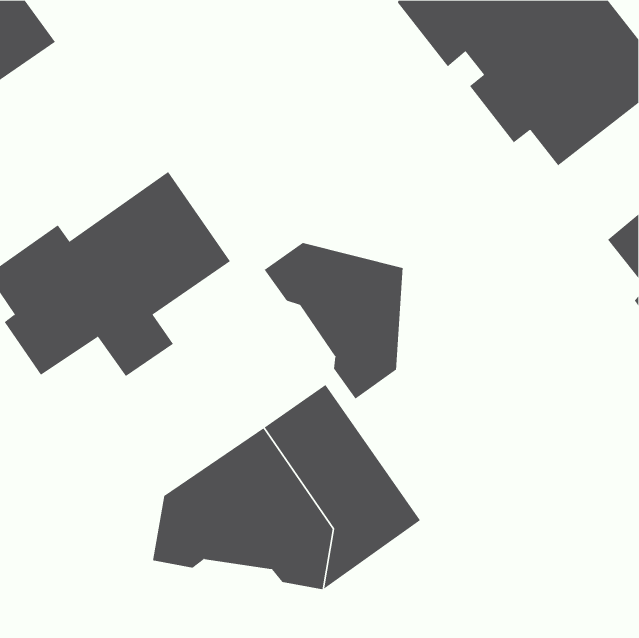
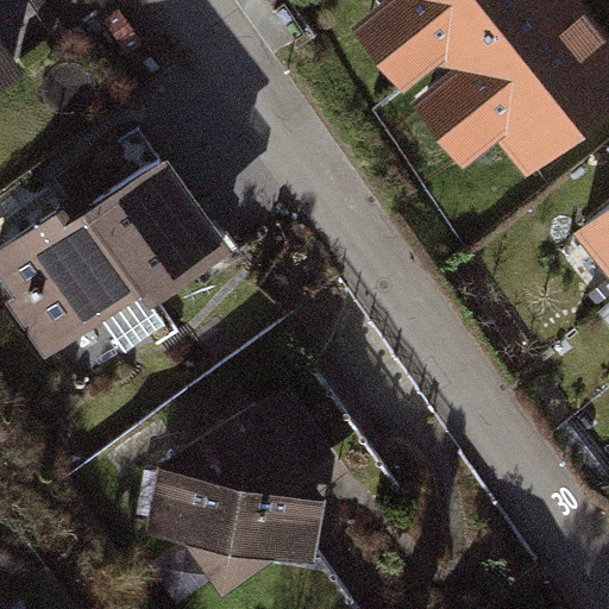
building: [264,242,403,399] -> none

